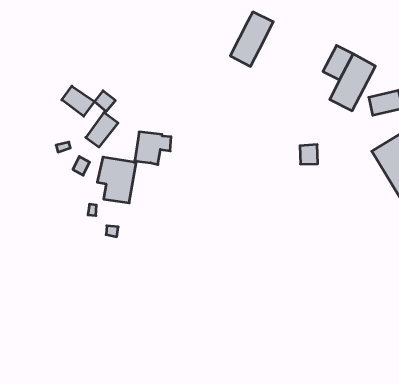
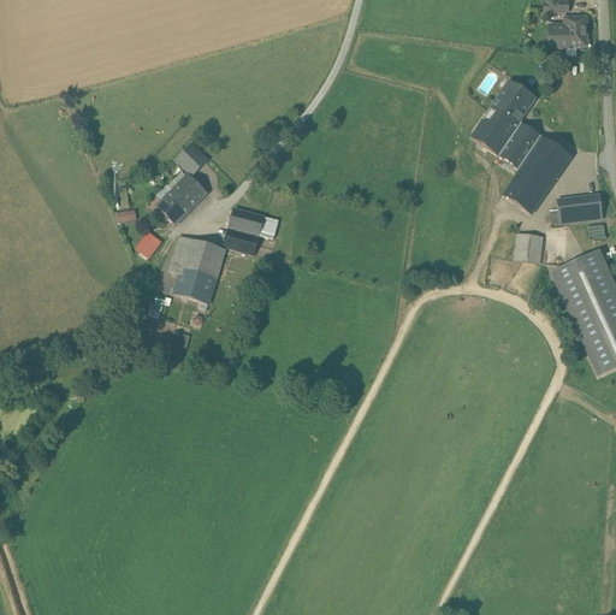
building: [230,12,273,66] -> [472,78,537,153]
building: [62,86,95,116] -> none
building: [300,145,318,164] -> [516,232,543,260]

